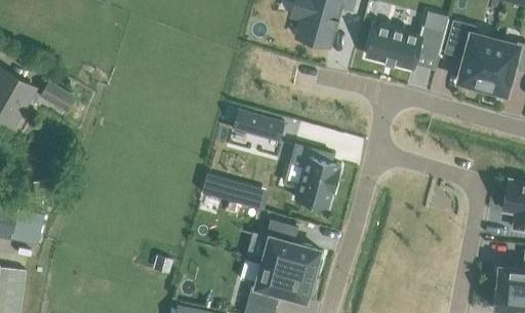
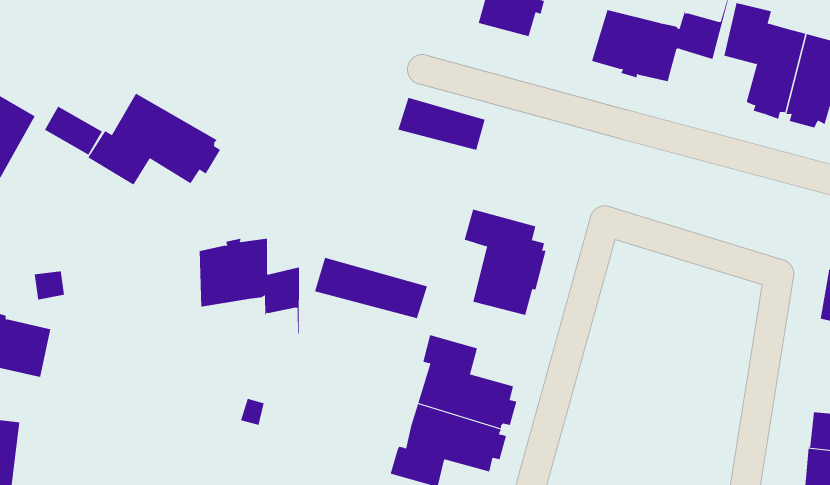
building: none -> [88,93,221,186]
building: [232,110,284,142] -> [398,97,485,150]
building: none -> [199,238,300,335]

